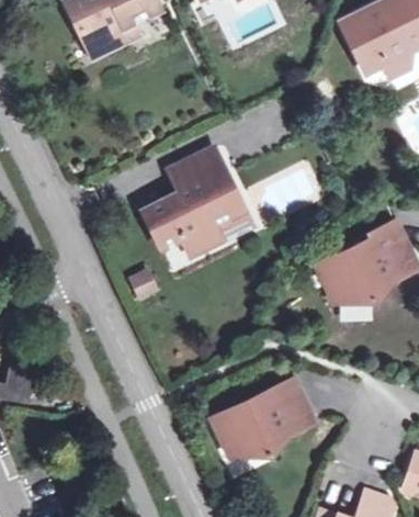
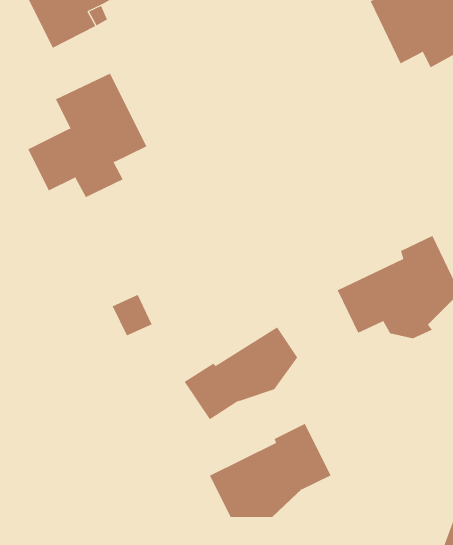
building: [146,150,246,255] -> [28,73,147,198]
building: none -> [184,326,298,420]

